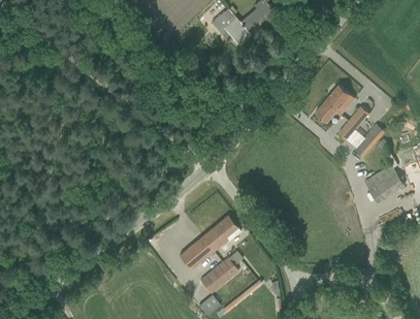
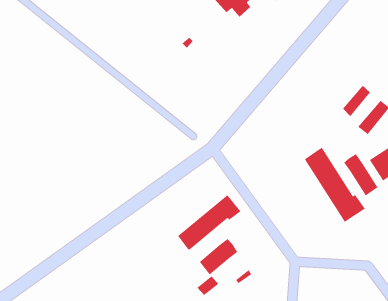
building: [315,85,354,122] -> none
building: none -> [304,147,366,223]
building: none -> [343,153,378,197]

